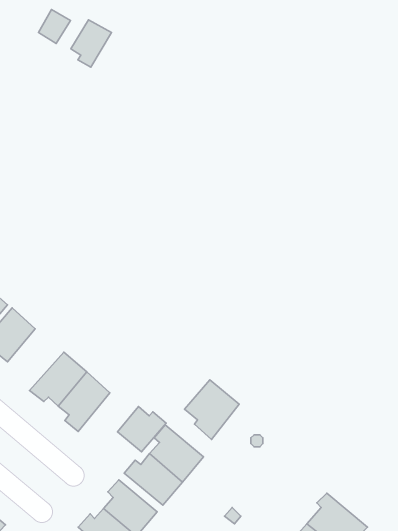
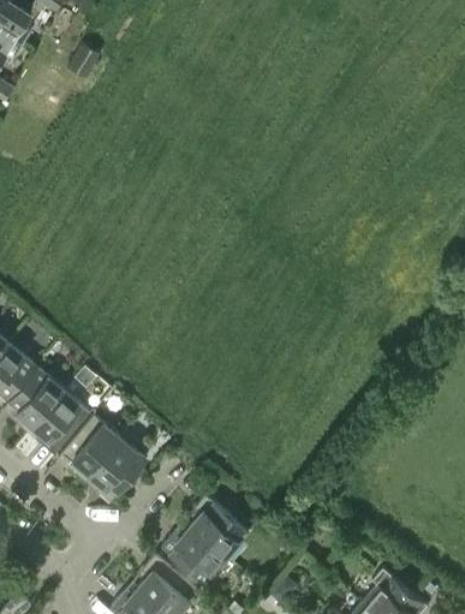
building: [71,20,111,67] -> none
building: none -> [34,392,90,455]
building: [185,380,239,439] -> none
building: [118,406,166,452] -> none

